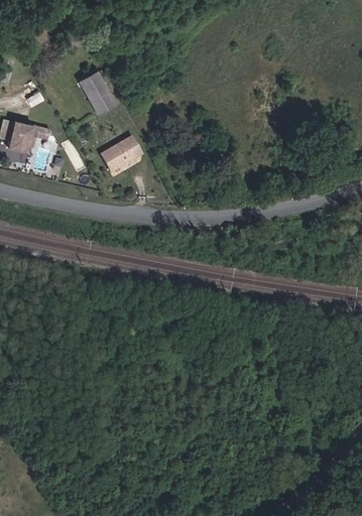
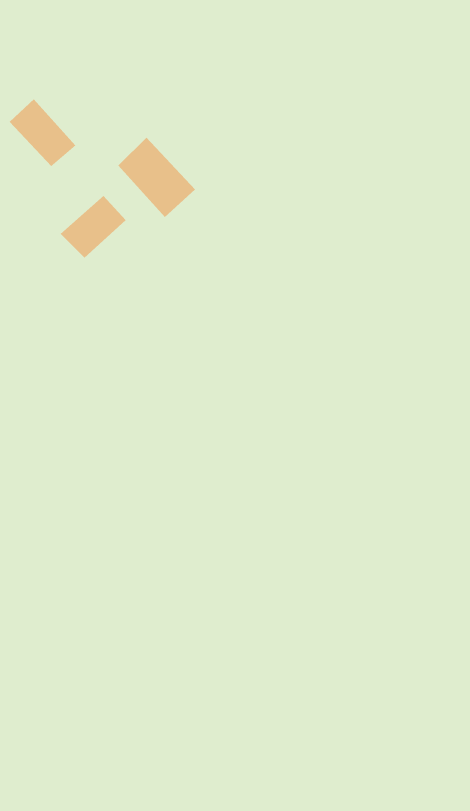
building: none -> [118,137,196,218]

